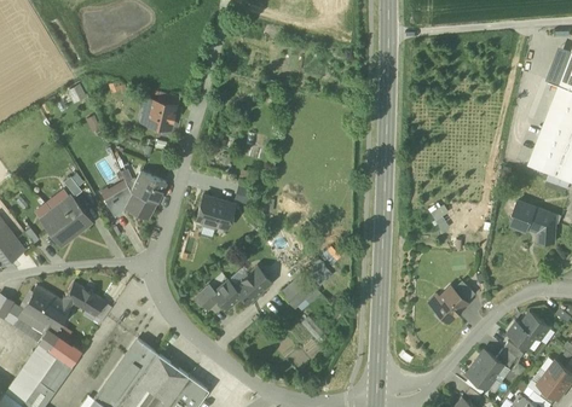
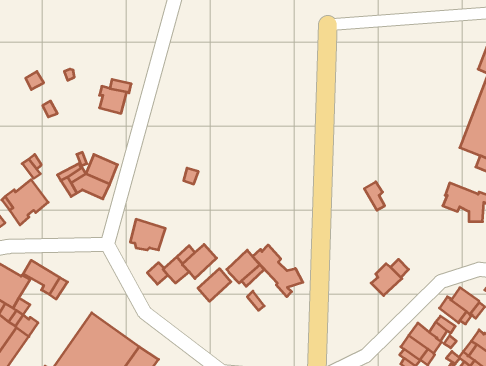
building: [196,196,233,228] -> [130,219,165,250]
building: none -> [253,245,303,297]
building: none -> [198,269,231,301]

